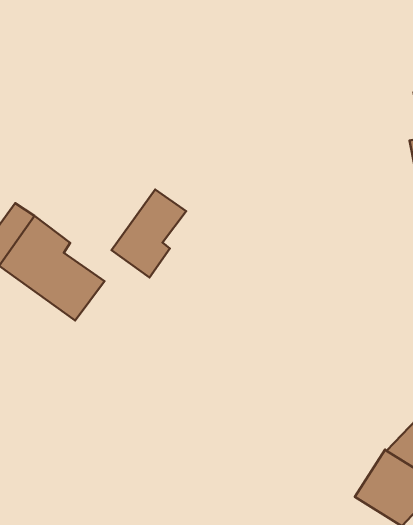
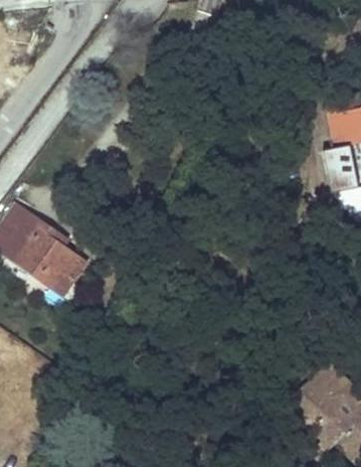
building: [111,189,186,278] -> none

